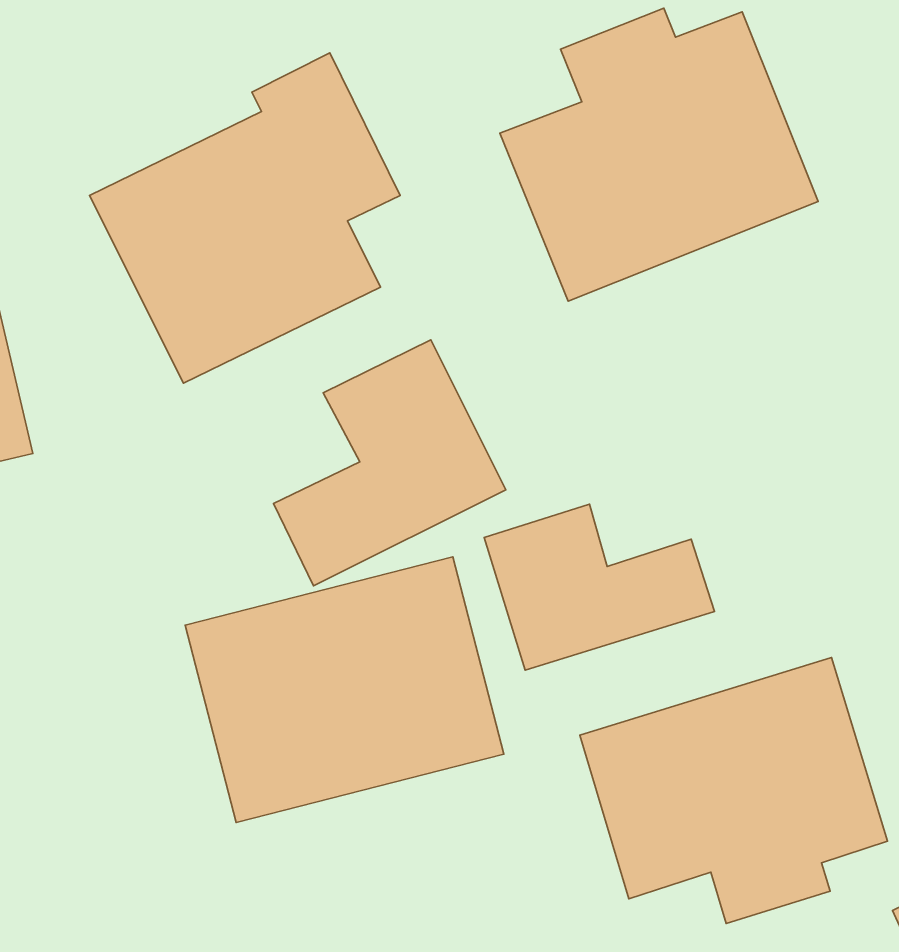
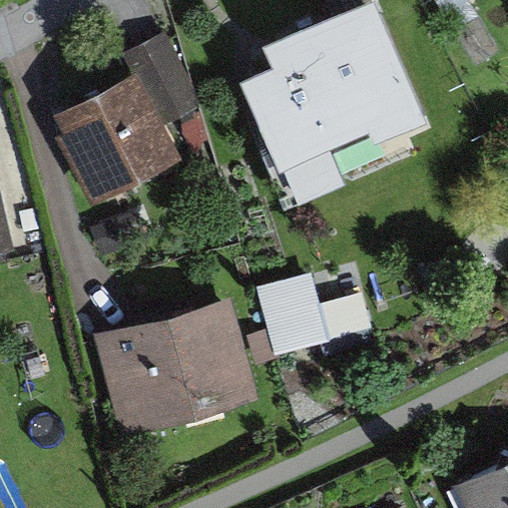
building: [273,340,506,586] -> none
building: [580,657,888,924] -> none

